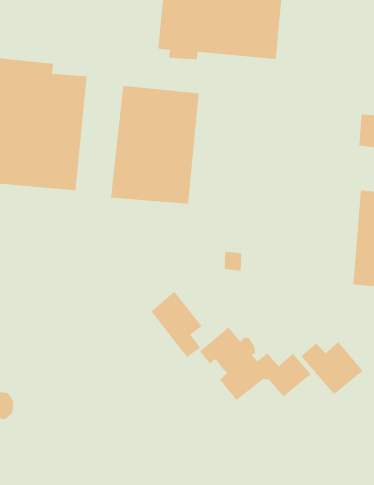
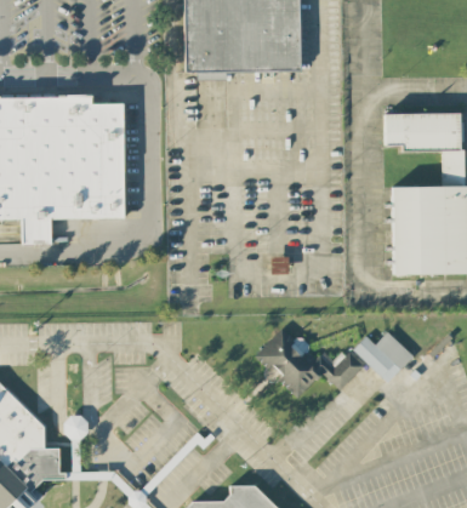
building: [110,85,199,204] -> none
building: [150,291,203,358] -> none

